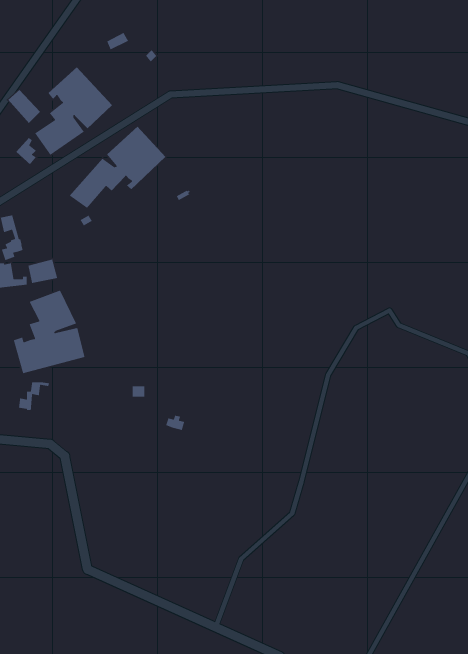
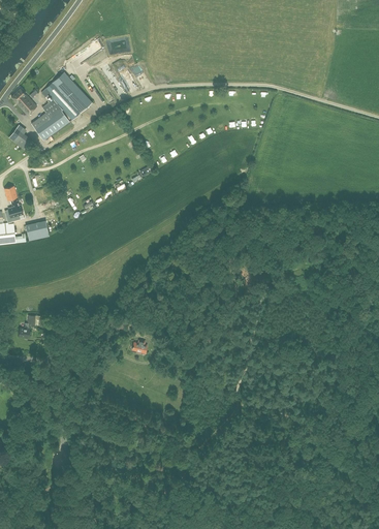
building: [69,126,166,209] -> none
building: [13,290,86,374] -> none

